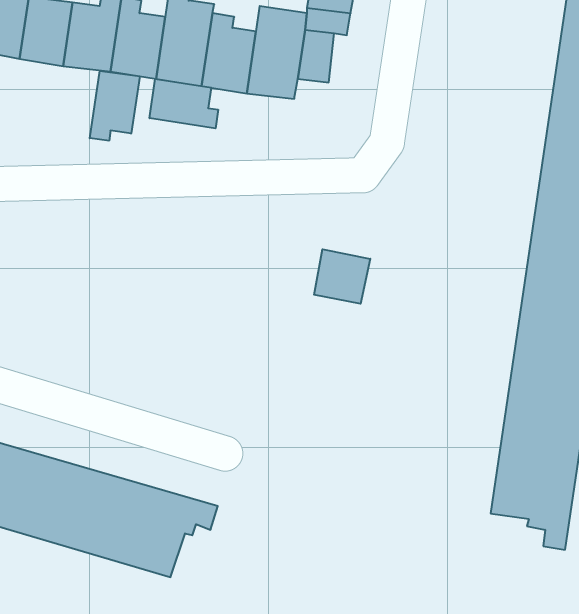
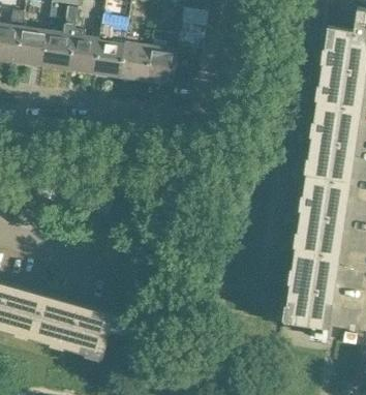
building: [90,71,140,141] -> none
building: [150,79,218,128] -> none
building: [314,249,370,304] -> none

